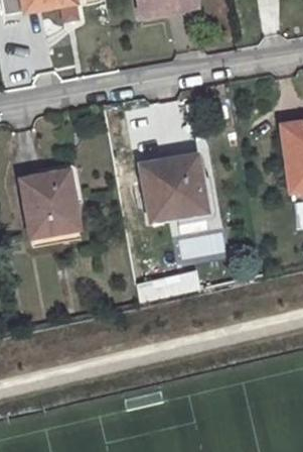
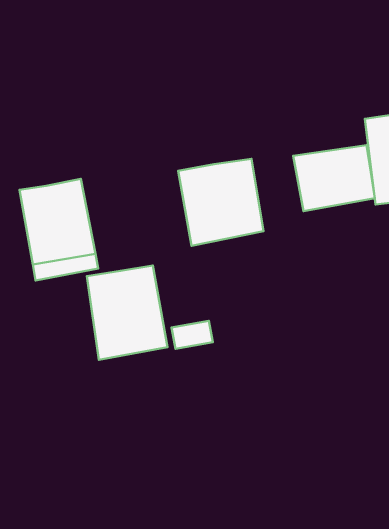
building: none -> [293,145,375,211]
building: none -> [87,266,167,360]

